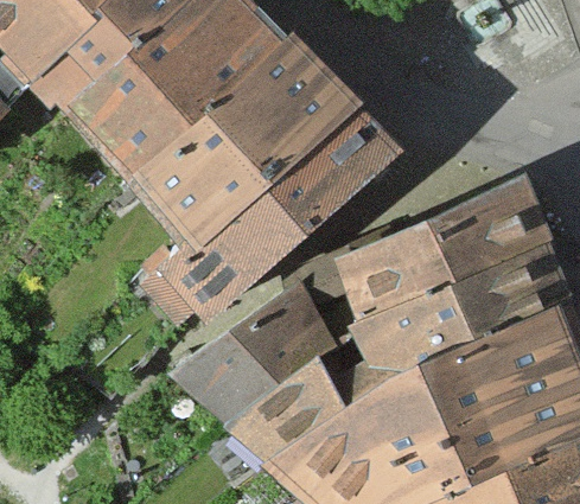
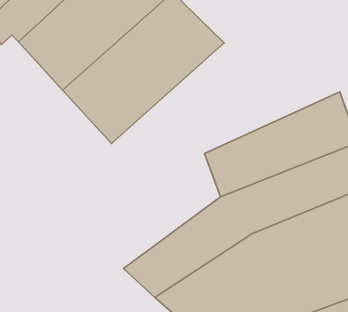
building: [138,106,403,326] -> none
building: [170,261,358,422] -> none

